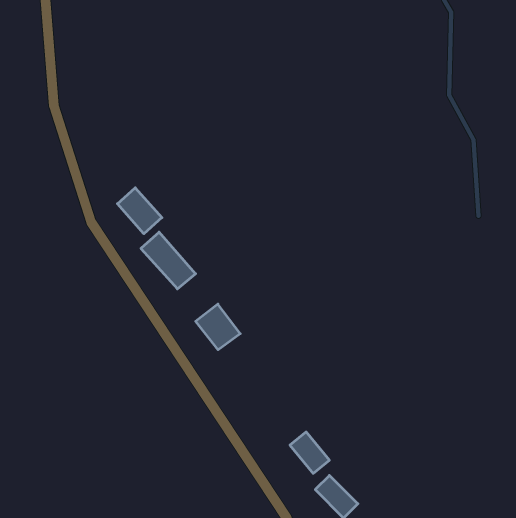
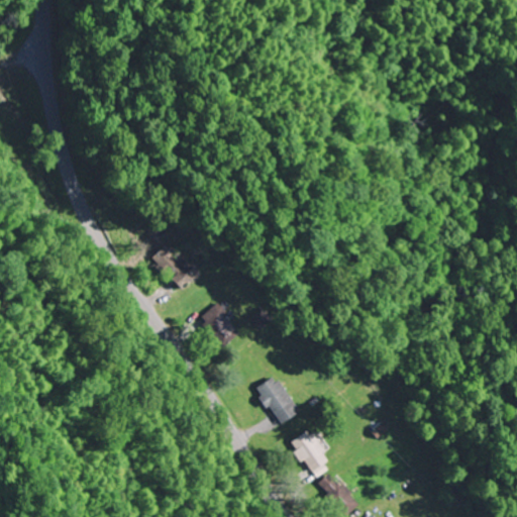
building: [117,188,162,234] -> none
building: none -> [256,375,300,423]

